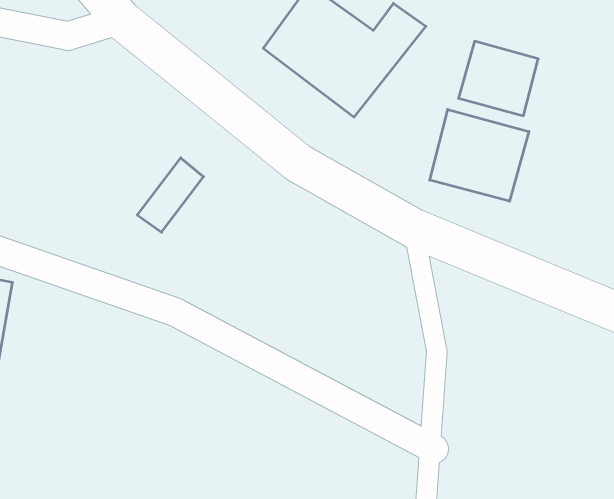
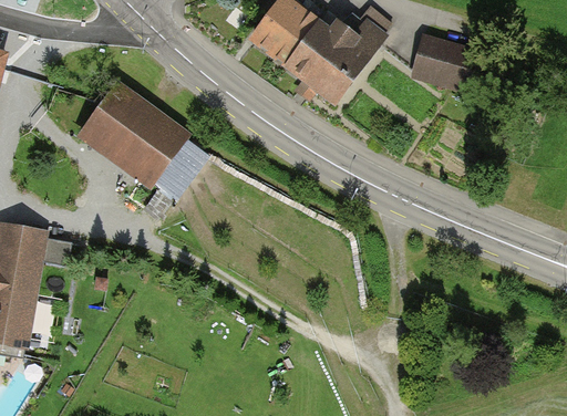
building: none -> [79,87,176,180]
building: [430,109,529,201] -> none

